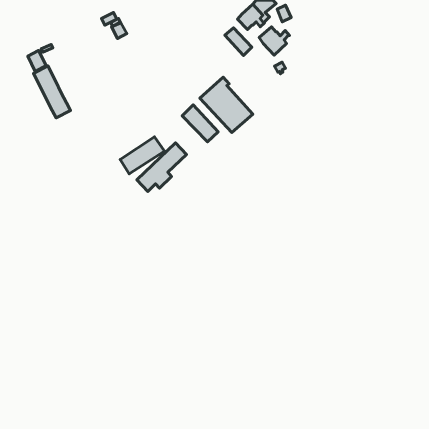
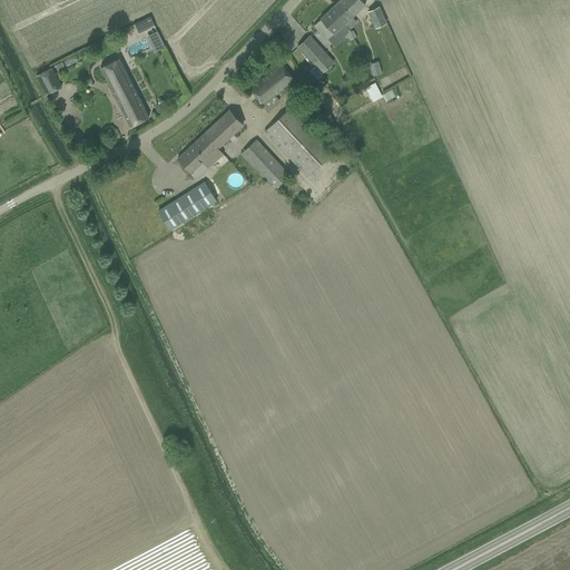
building: [259,27,289,55] -> none
building: none -> [248,63,294,110]
building: [34,66,71,118] -> [100,58,149,127]
building: [137,143,186,192] -> [178,109,244,174]

